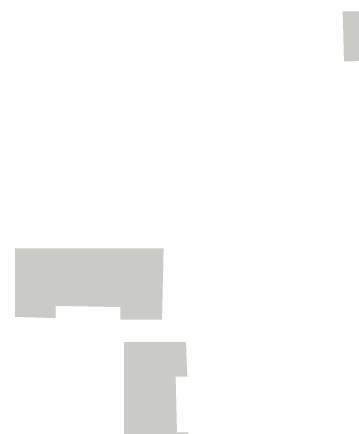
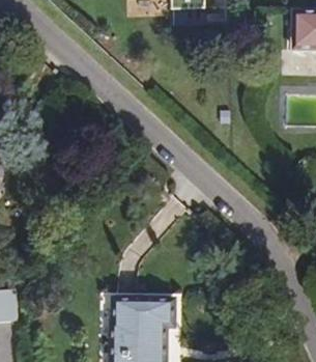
building: [15,248,164,320] -> none

